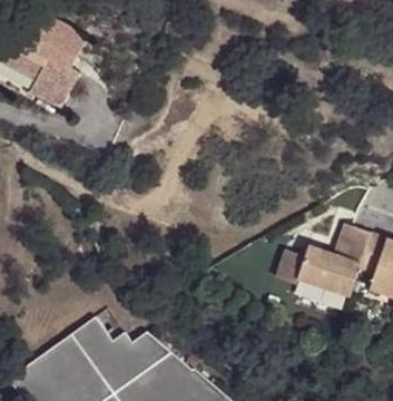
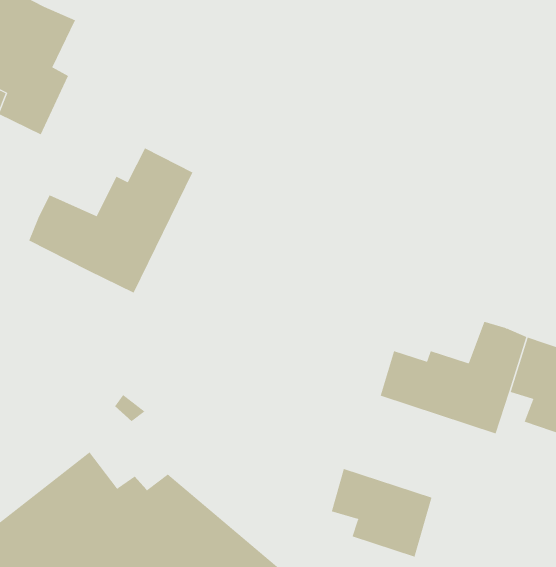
building: none -> [29,147,193,293]
building: none -> [331,468,432,558]

